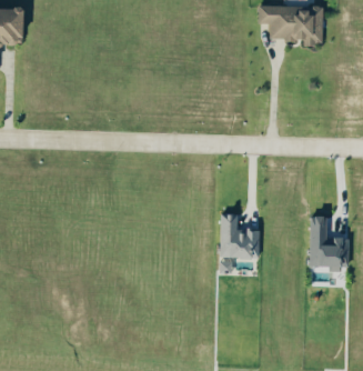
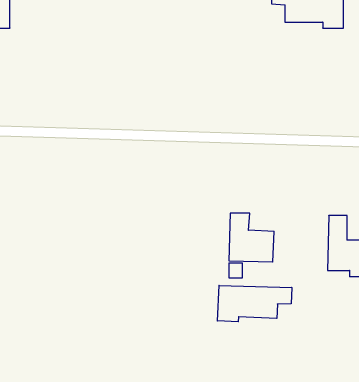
building: none -> [217,285,292,322]

